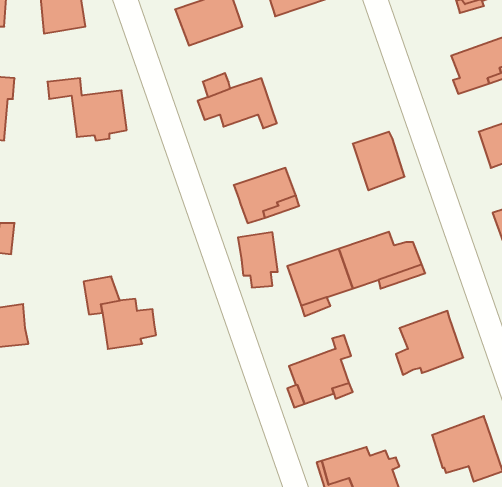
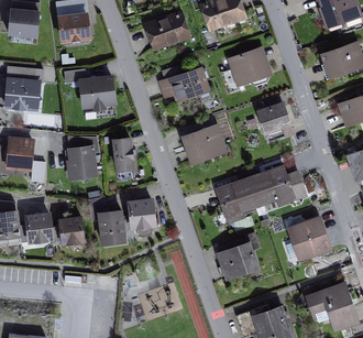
building: none -> [221,50,271,94]
building: none -> [67,137,98,177]
building: none -> [113,138,133,178]
building: [238,232,278,287] -> [129,199,154,235]
building: none -> [50,217,84,246]

